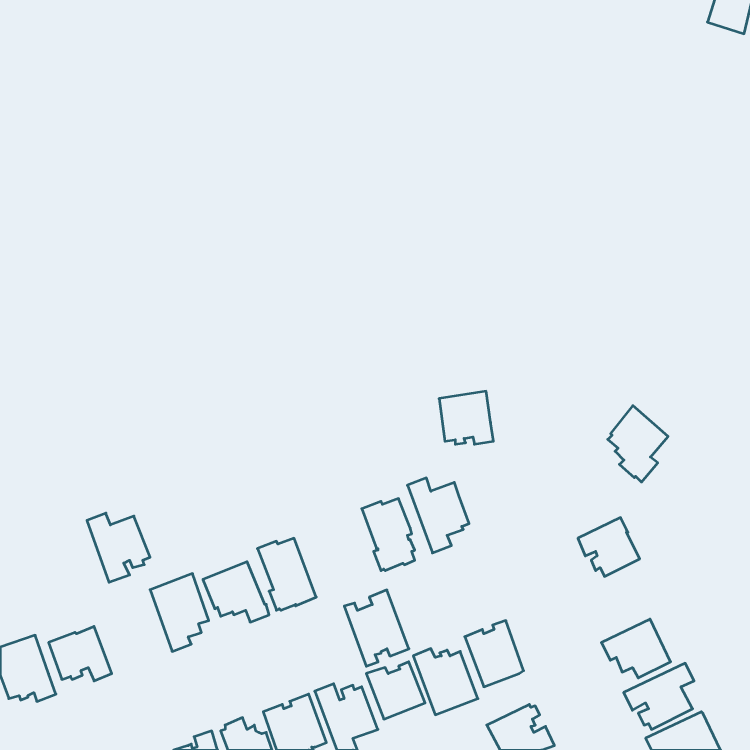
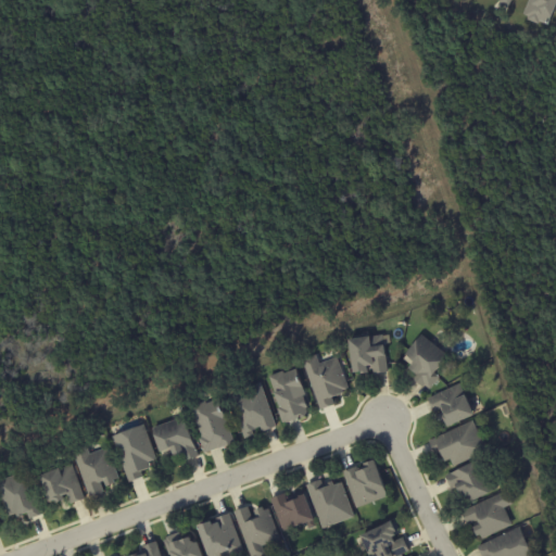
building: [439,391,493,444] -> [348,333,388,372]
building: [608,406,668,482] -> [404,333,448,390]
building: [87,513,150,582] -> [72,444,118,495]
building: none -> [429,419,486,466]
building: [344,590,409,666] -> [228,381,276,438]

